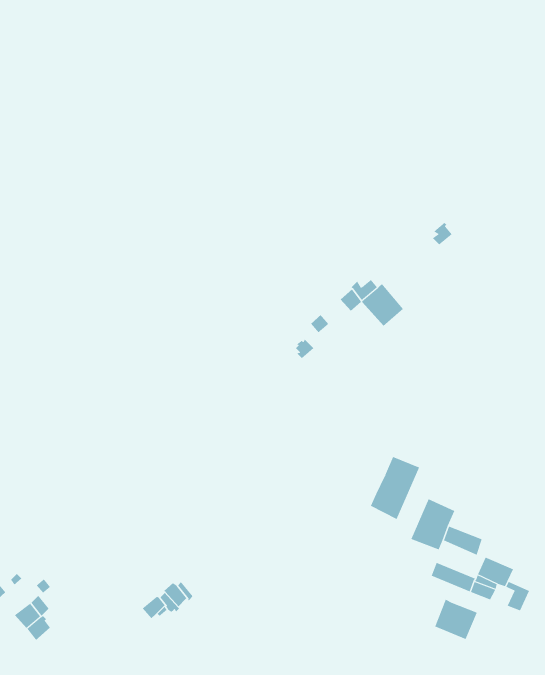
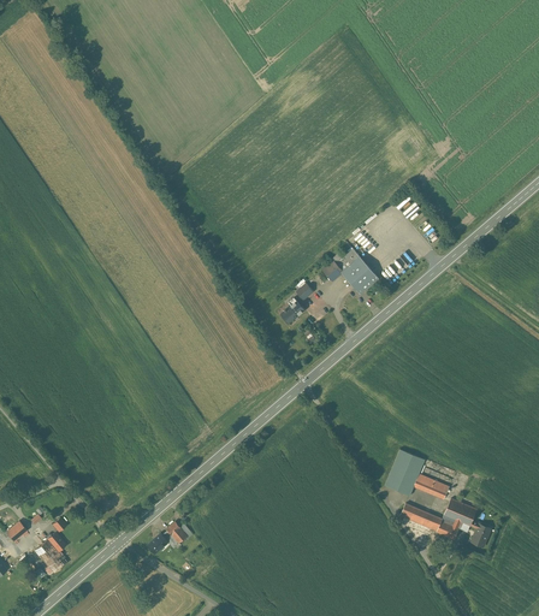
building: [370,456,420,520] -> none
building: [435,599,477,640] -> none

